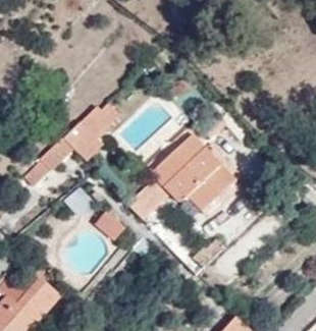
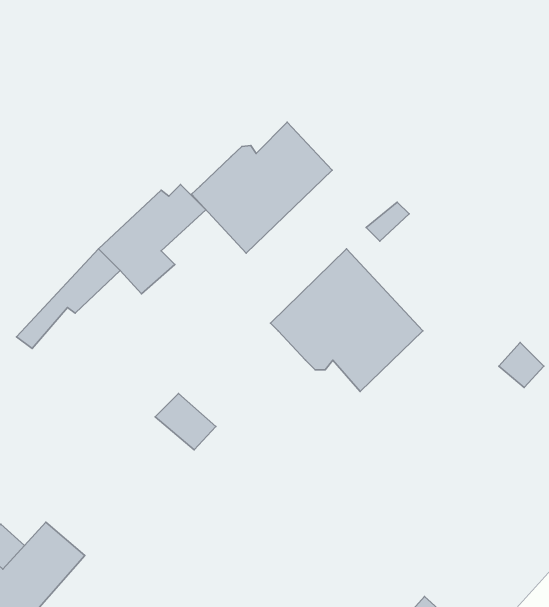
building: none -> [192,122,332,253]
building: [130,178,173,219] -> none

